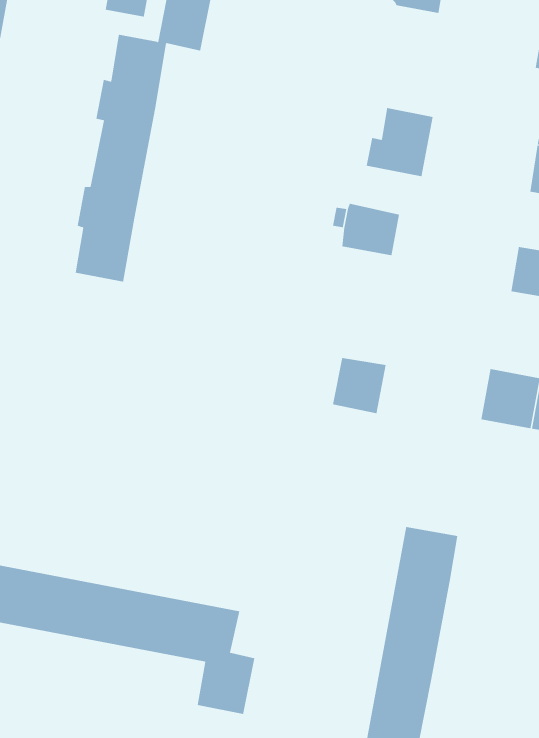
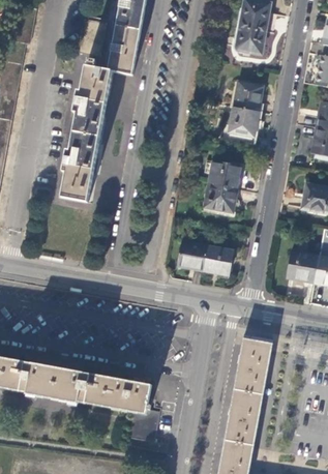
building: none -> [233,82,264,112]
building: none -> [204,183,236,211]
building: none -> [177,239,208,270]

